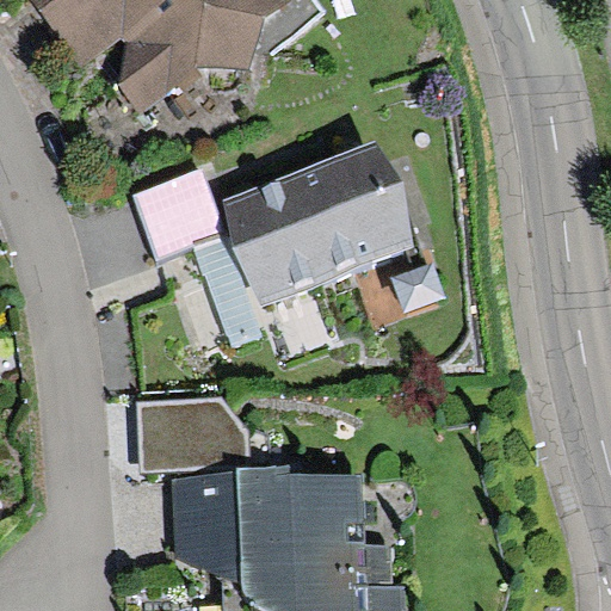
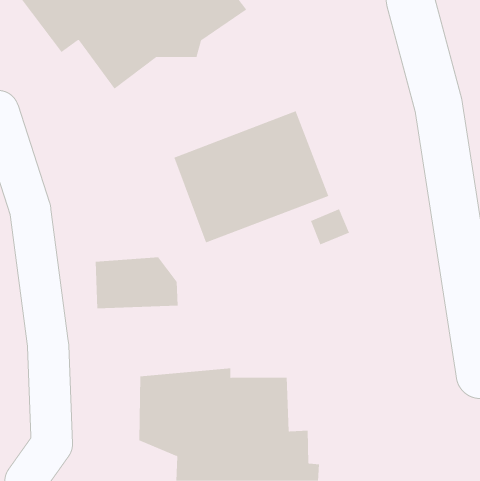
building: [134,168,224,259] -> none
building: [140,401,246,467] -> [95,257,179,309]

